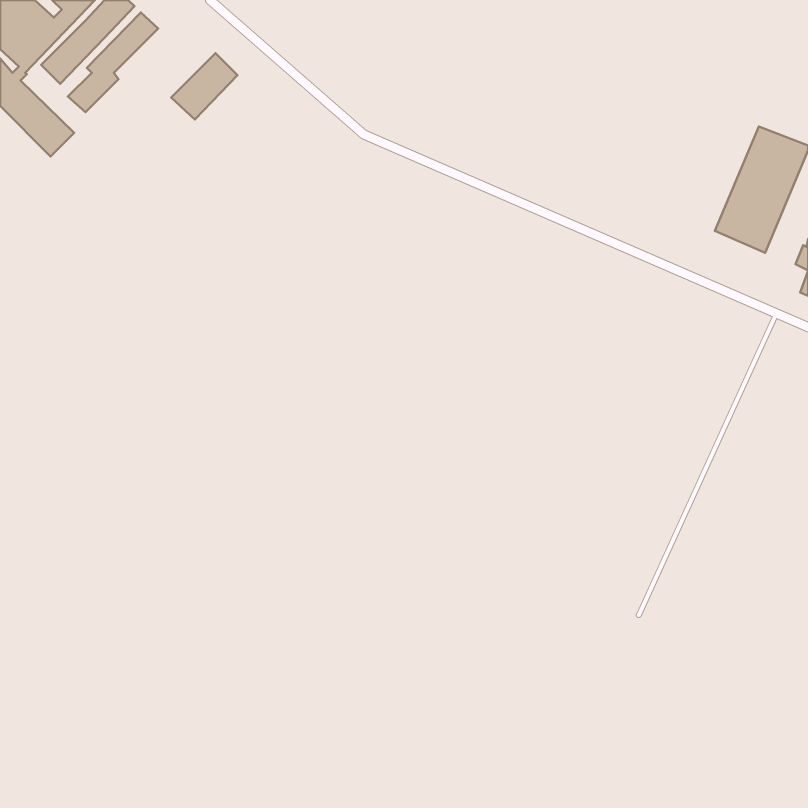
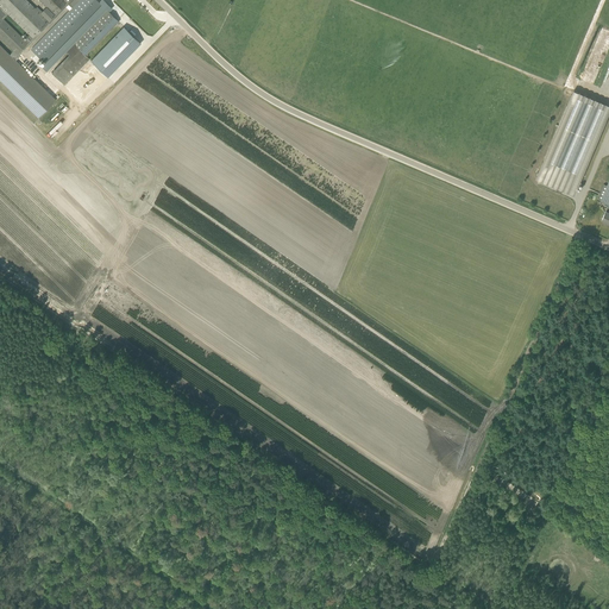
building: [171,53,238,120] -> [90,26,140,76]

